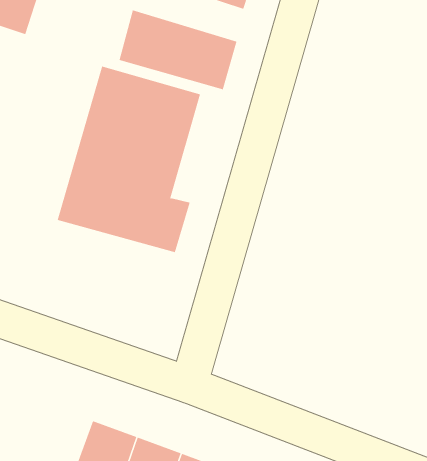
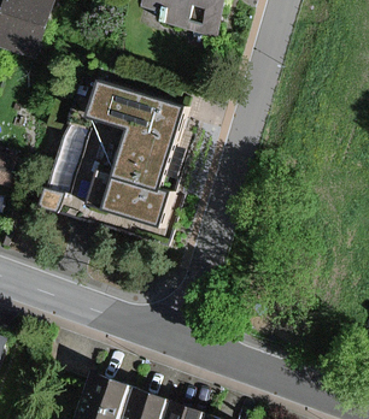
building: [119,9,237,90] -> none

